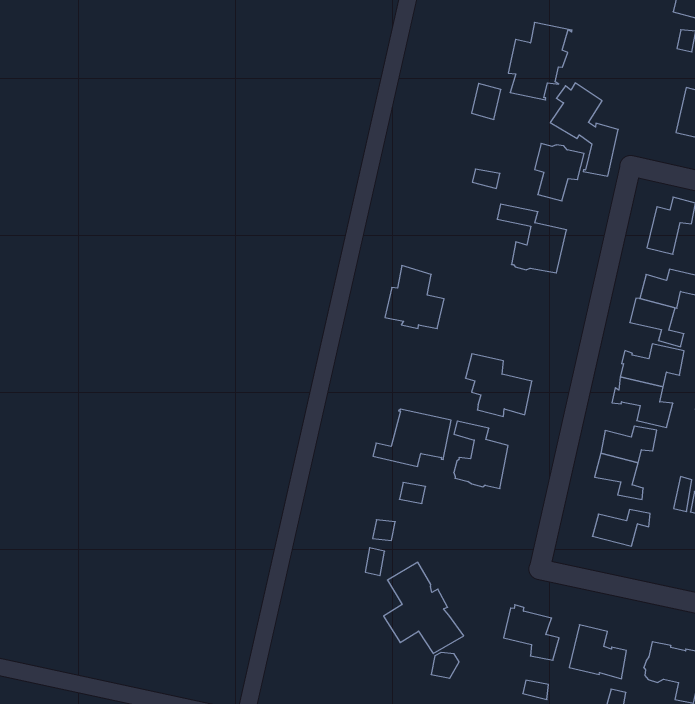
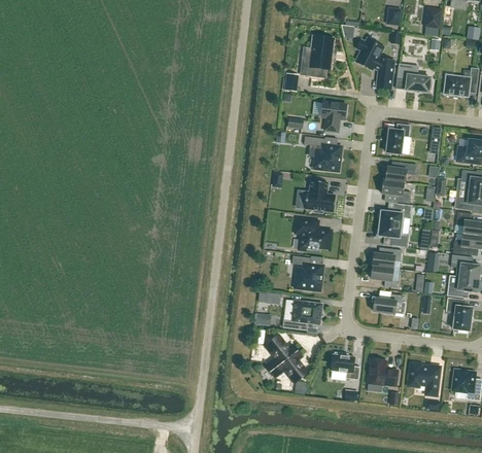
building: [550,83,618,176] -> [356,38,393,86]
building: [385,266,444,329] -> [305,179,336,212]
building: [373,409,451,466] -> [282,300,322,329]

